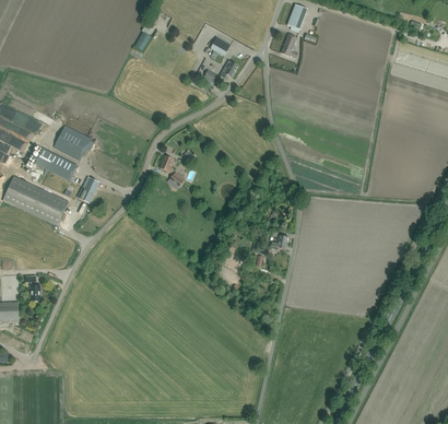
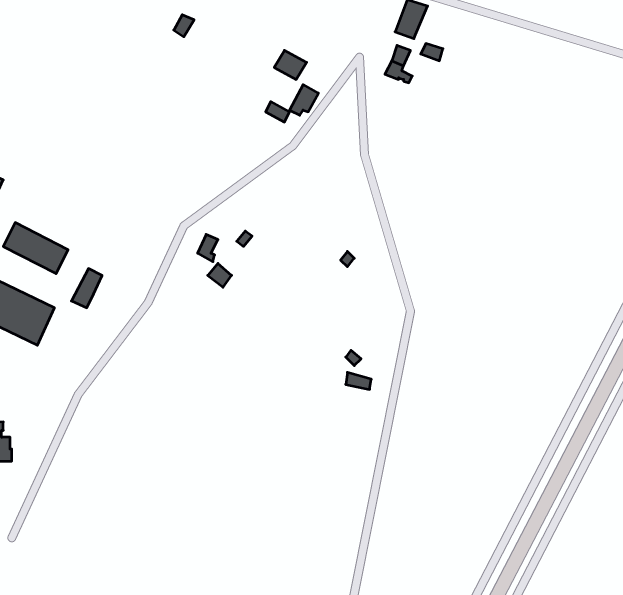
building: [52,122,91,160] -> none

